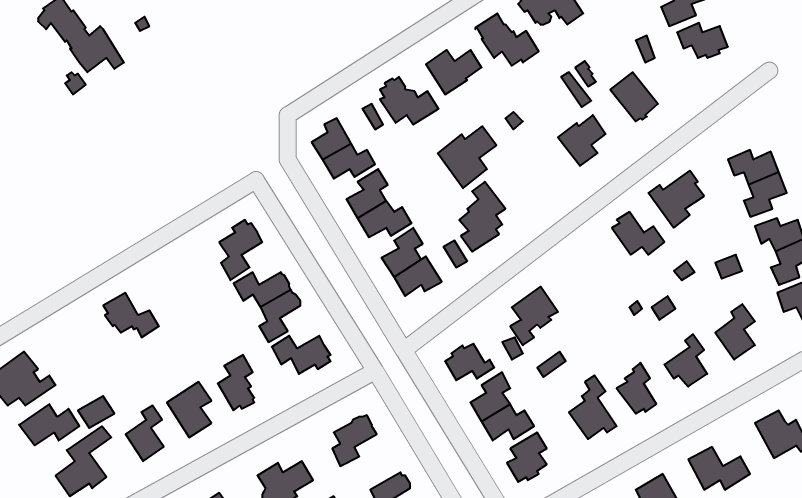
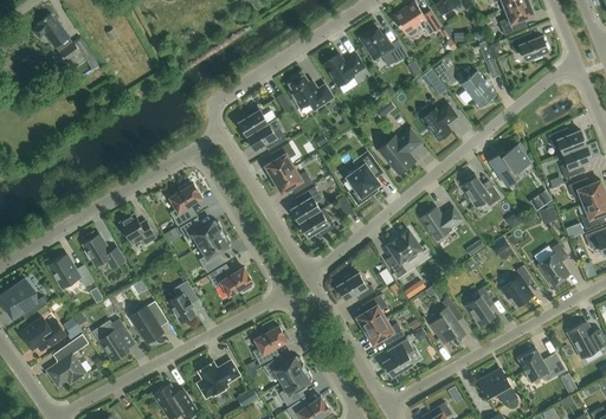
building: [438,126,496,188] -> [378,129,421,175]
building: none -> [420,207,462,240]
building: none -> [120,214,156,245]
building: none -> [49,254,94,288]
building: none -> [263,356,304,382]

